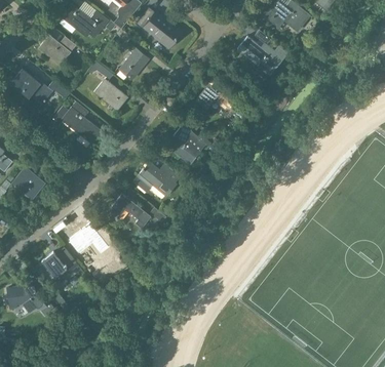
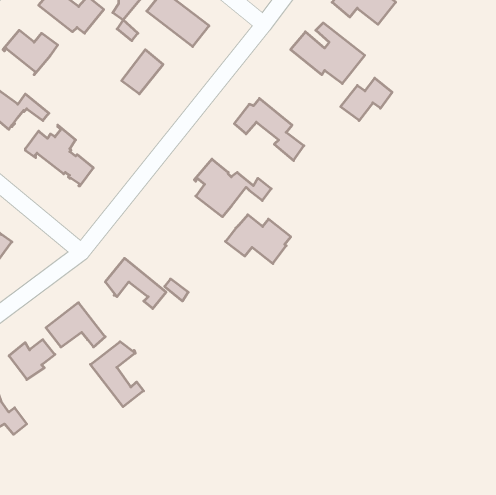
building: [87,60,128,111] -> none
building: none -> [341,78,392,121]
building: [133,161,179,195] -> [225,215,291,264]
building: none -> [90,342,144,407]

